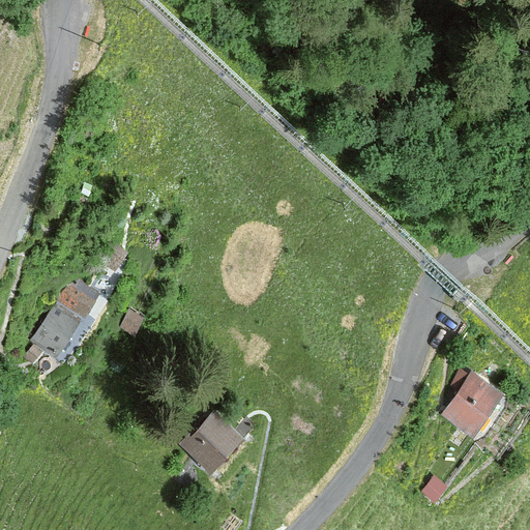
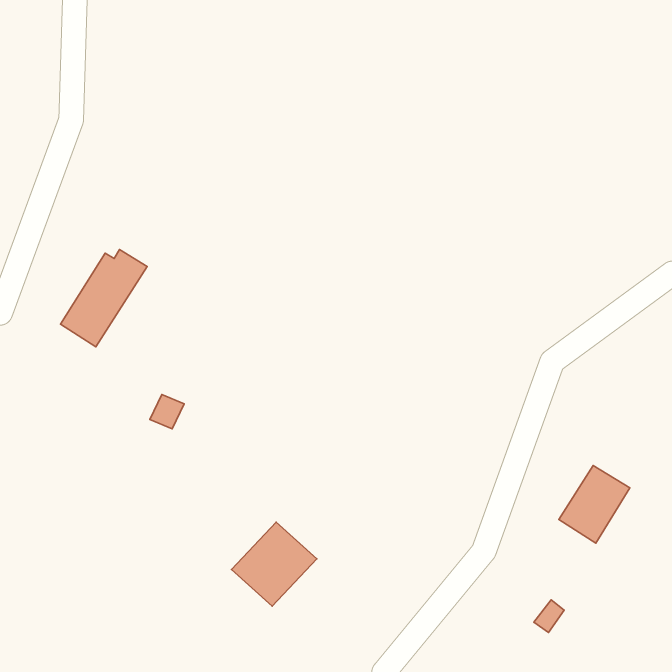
building: [30,283,98,359] -> [60,249,147,347]

